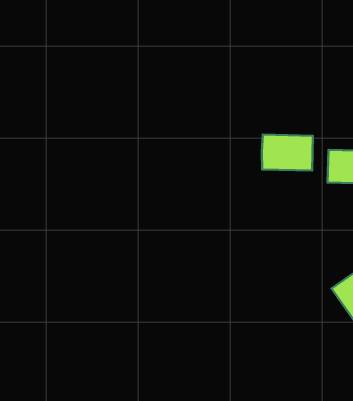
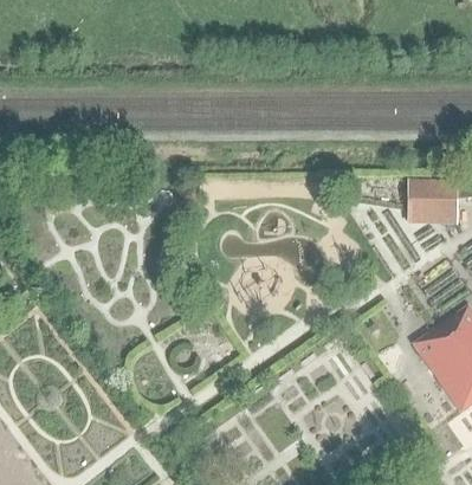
building: [262,135,313,171] -> none

